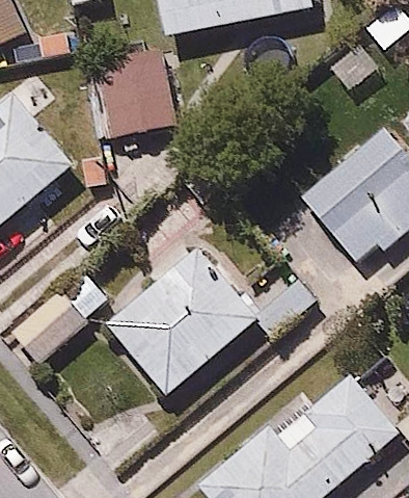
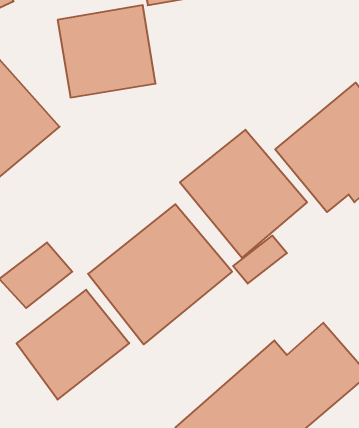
building: none -> [180,130,307,258]
building: none -> [17,290,129,400]

